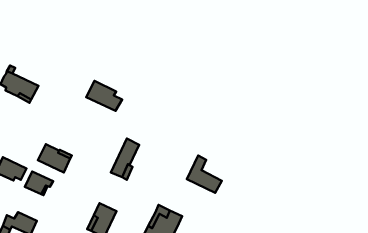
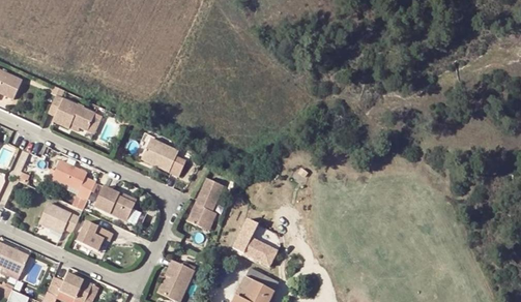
building: [86,81,122,111] -> [138,139,183,177]
building: none -> [52,161,95,201]
building: [187,156,222,193] -> [232,216,277,264]

